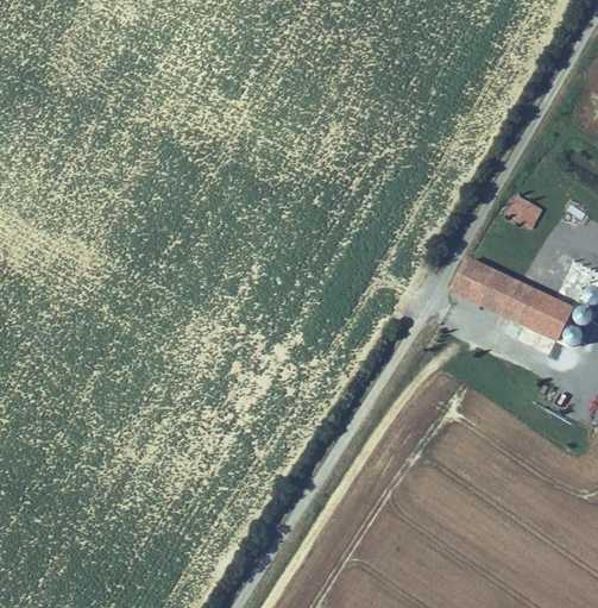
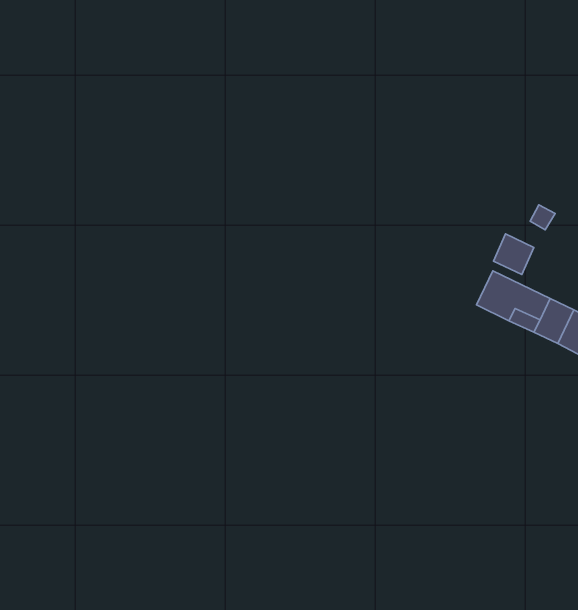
building: none -> [493,234,534,275]

